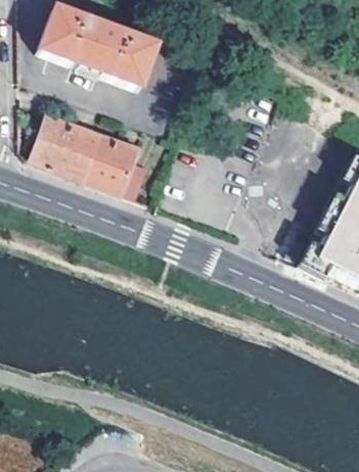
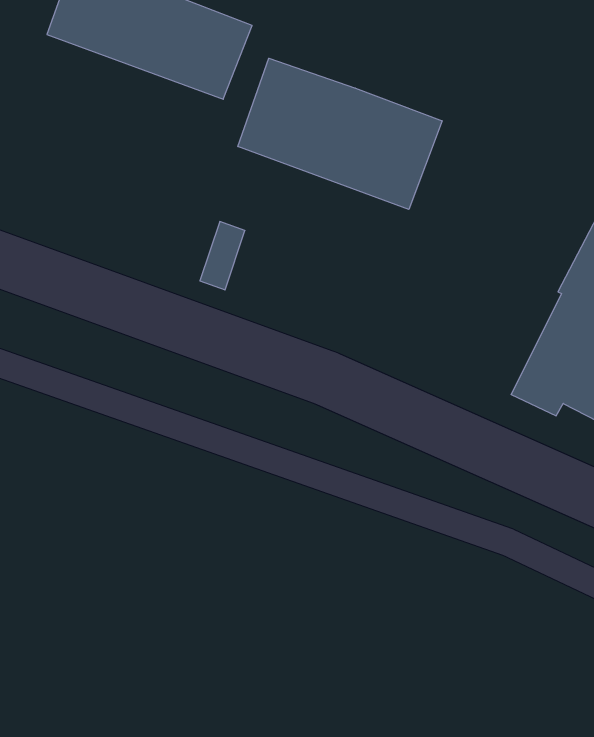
building: none -> [238,58,442,209]
building: [31,114,139,192] -> none

